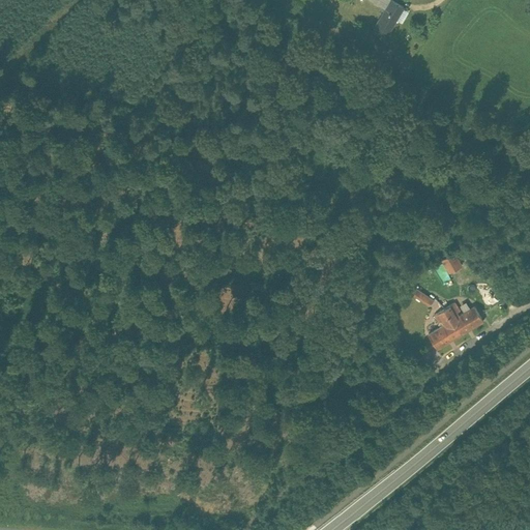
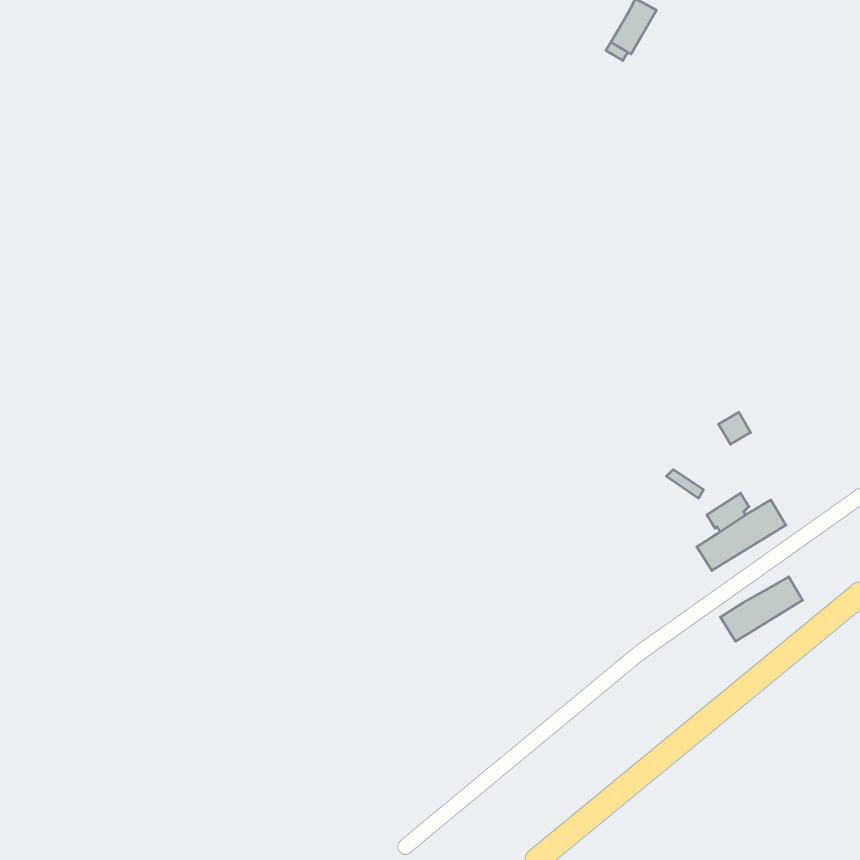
building: none -> [720,577,803,641]

